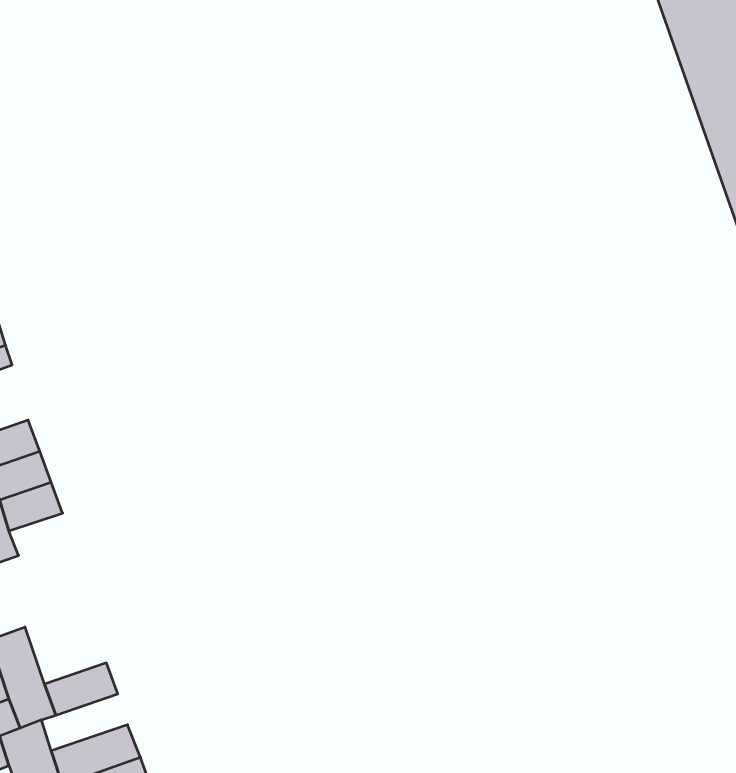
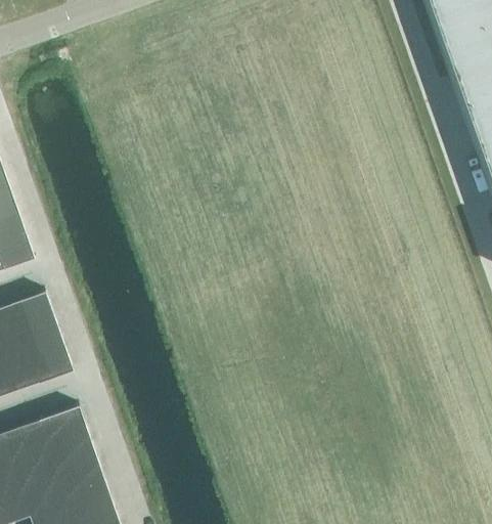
building: none -> [31,350,71,381]
building: none -> [41,408,92,457]
building: none -> [51,464,105,499]

